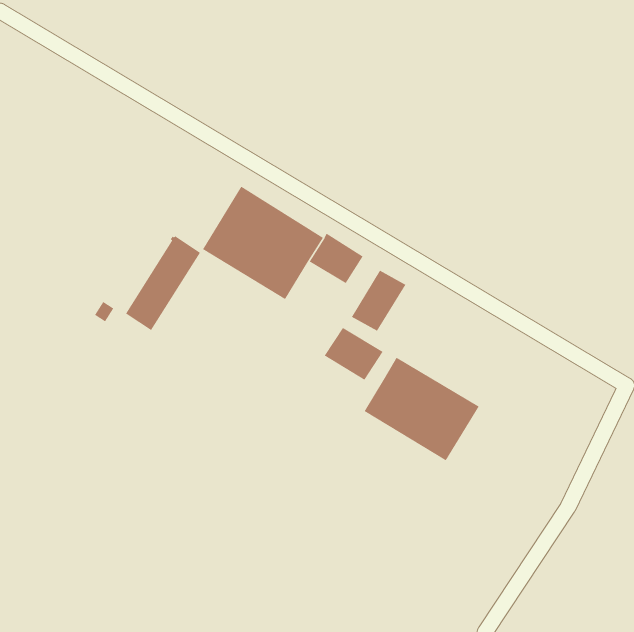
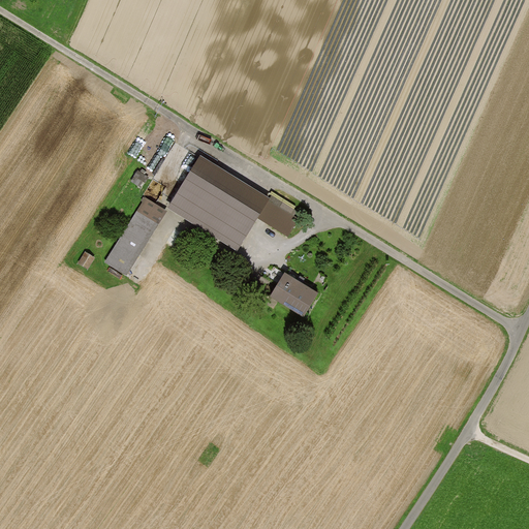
building: [351,270,406,332] -> none
building: [364,357,480,461] -> none

